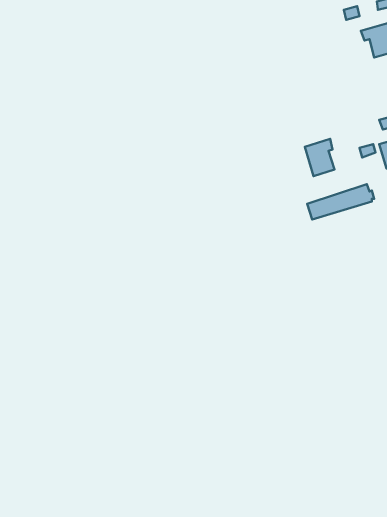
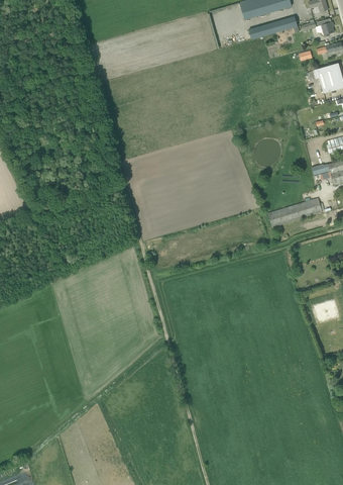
building: [305,139,335,176] -> none

